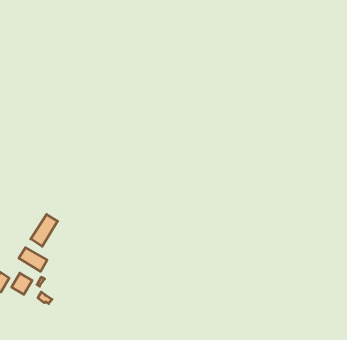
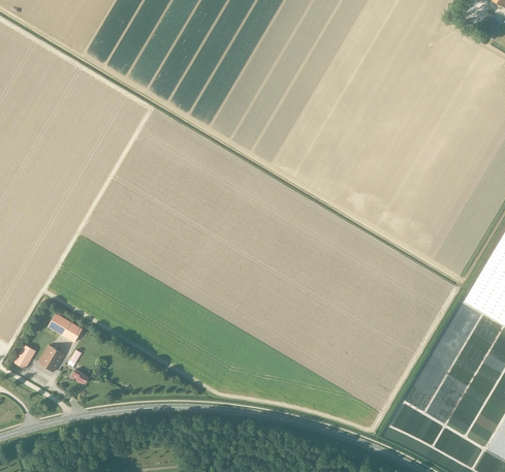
building: [31,214,58,246] -> none

